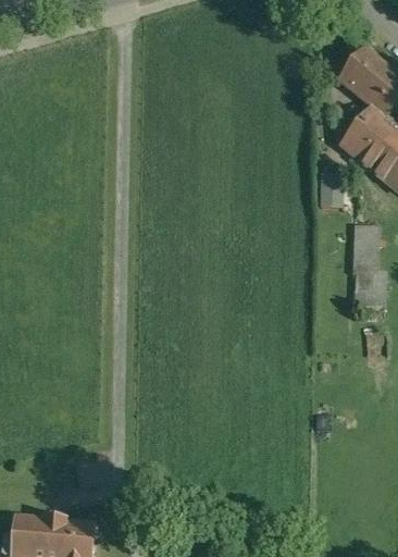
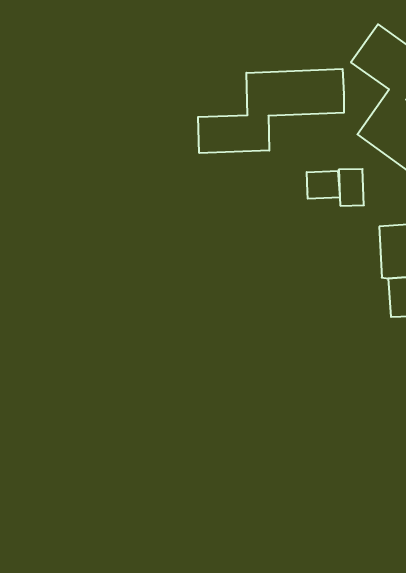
building: none -> [198,69,344,153]
building: none -> [307,171,340,199]

